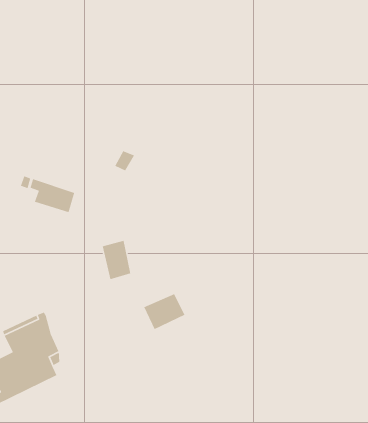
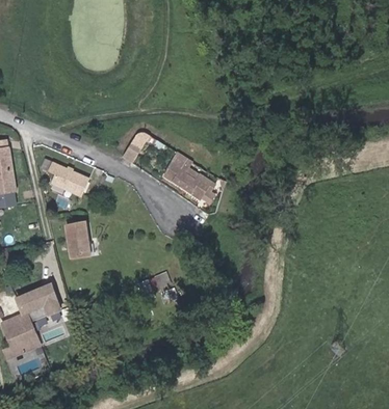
building: none -> [164,154,211,199]
building: [102,240,131,280] -> [66,222,89,256]

